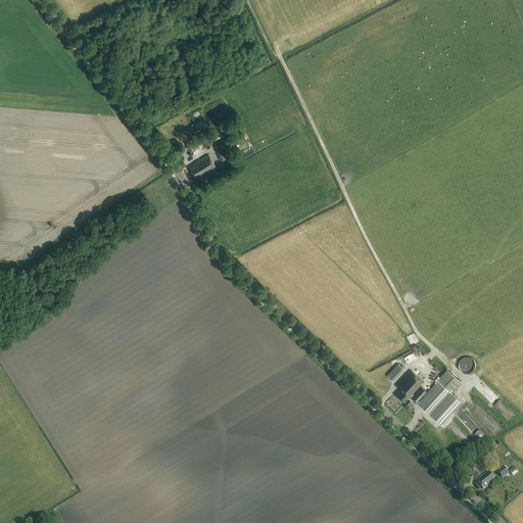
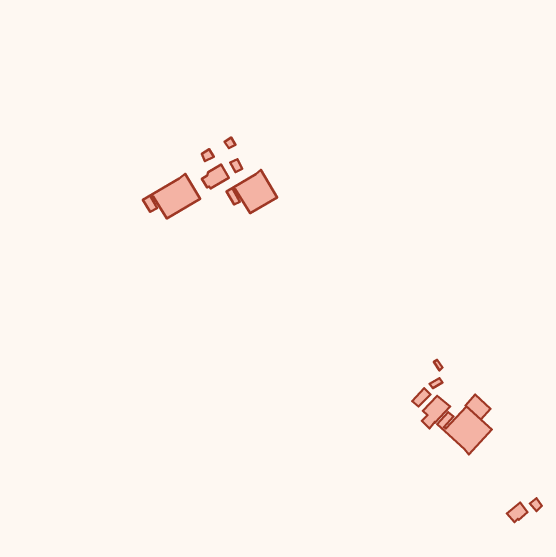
building: none -> [227,170,277,213]
building: none -> [143,174,200,218]

